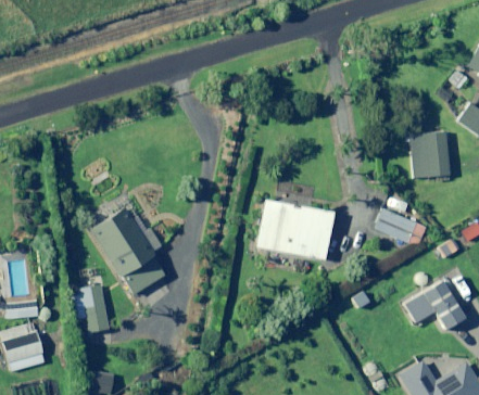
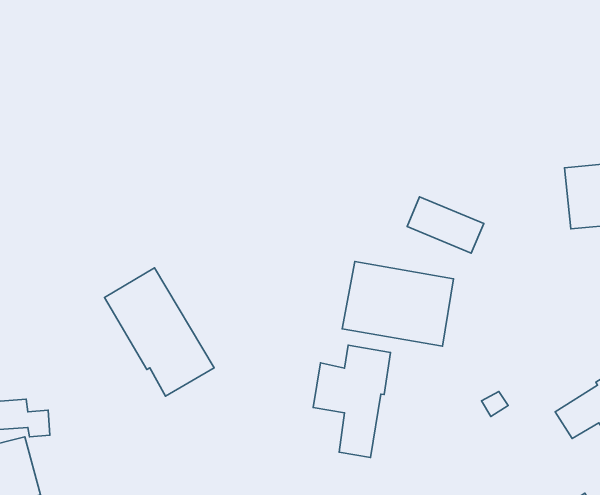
building: [376,208,429,247] -> [407,197,484,253]
building: none -> [313,345,391,458]
building: [76,286,109,332] -> none

